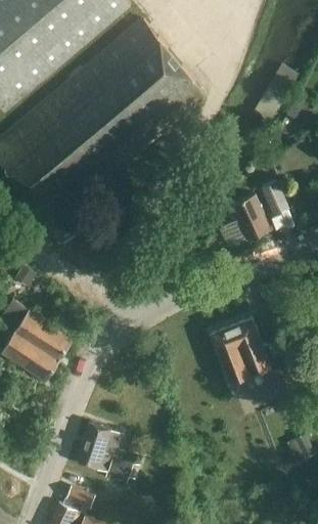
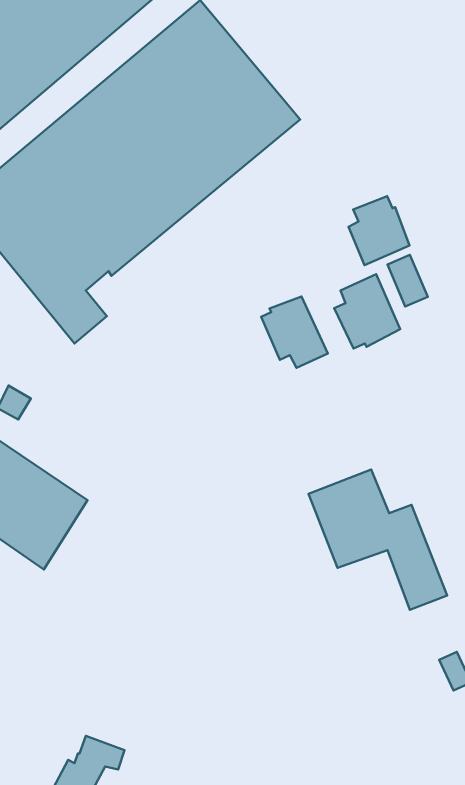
building: none -> [348,196,409,265]
building: none -> [261,297,328,368]
building: [76,422,139,482] -> none

